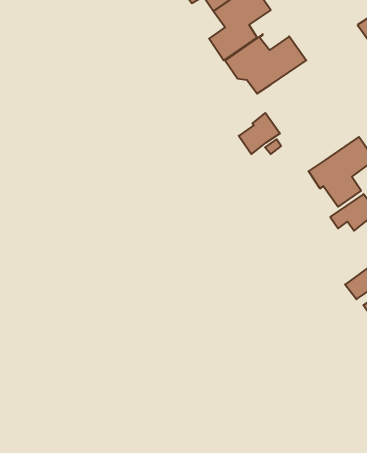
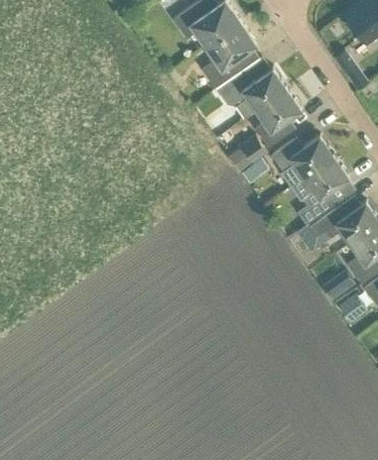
building: none -> [256,91,302,149]
building: none -> [272,137,335,189]

